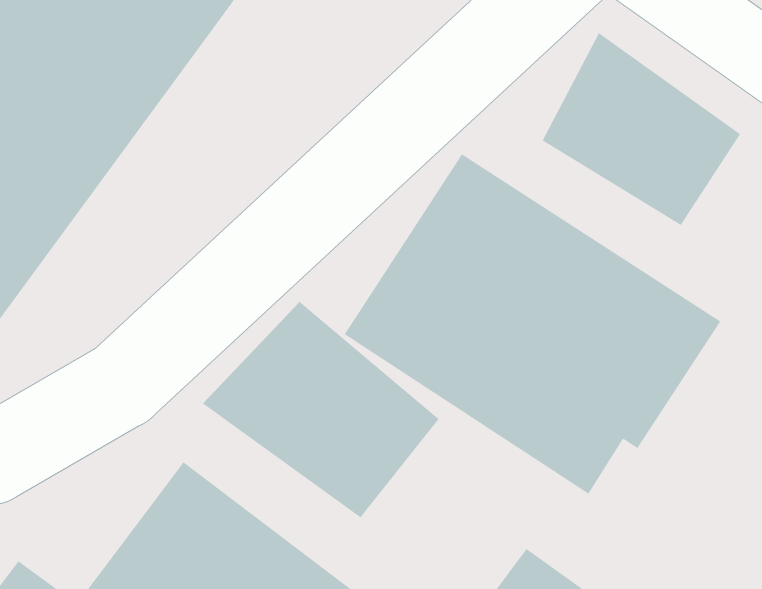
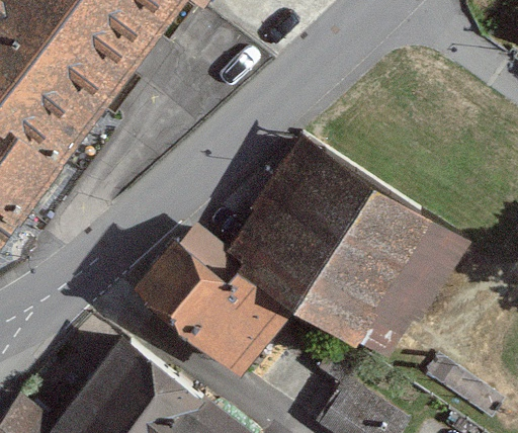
building: [542,32,741,226] -> none

